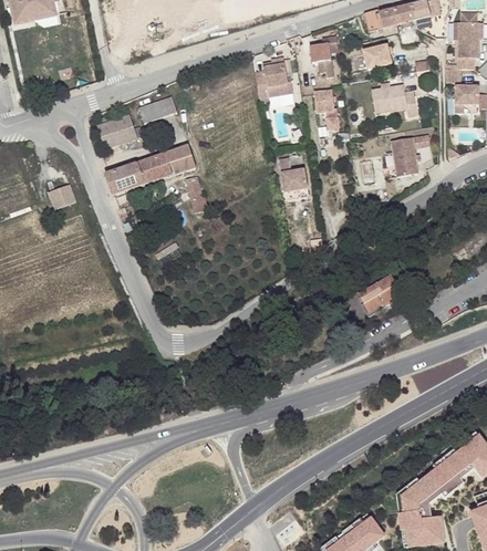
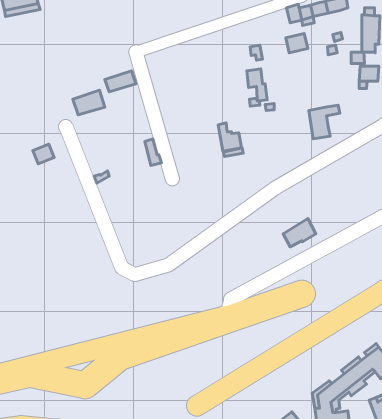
building: [310,35,339,62] -> none
building: [256,56,293,97] -> none
building: [372,83,417,116] -> none
building: [104,144,196,195] -> none

